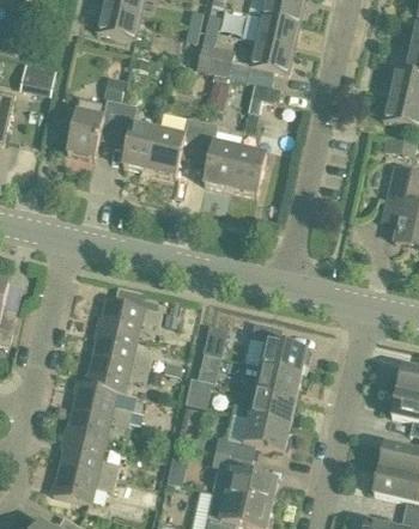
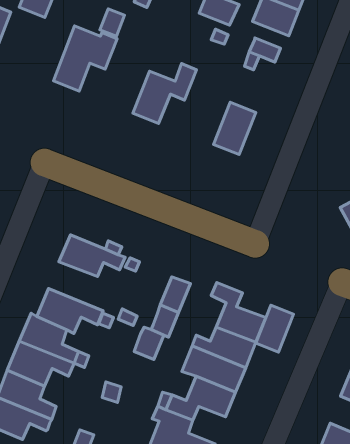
building: [114,103,157,172] -> none
building: [195,121,243,190] -> none
building: [92,327,151,367] -> none
building: none -> [256,305,293,352]

